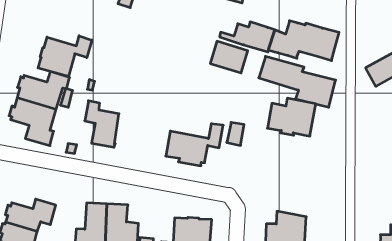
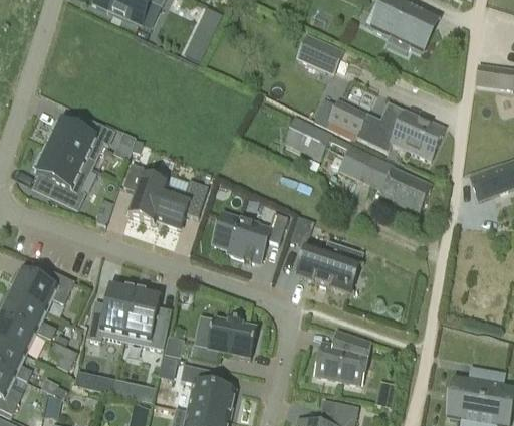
building: [38,36,92,76] -> none
building: [267,98,316,136] -> [299,242,361,291]
building: none -> [155,180,208,227]

